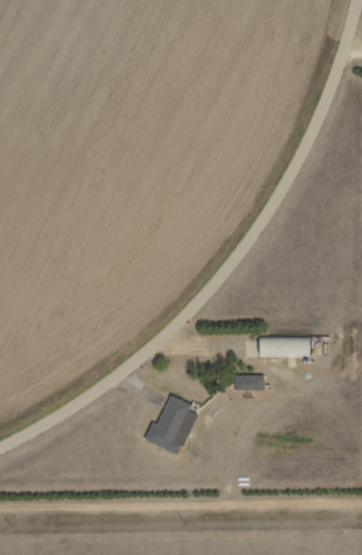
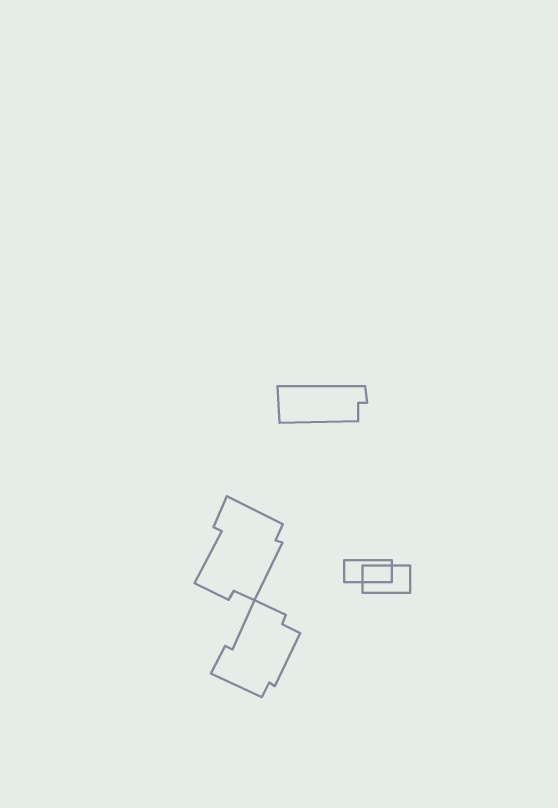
building: none -> [194,496,283,600]
building: [257,337,311,359] -> [278,386,367,423]

